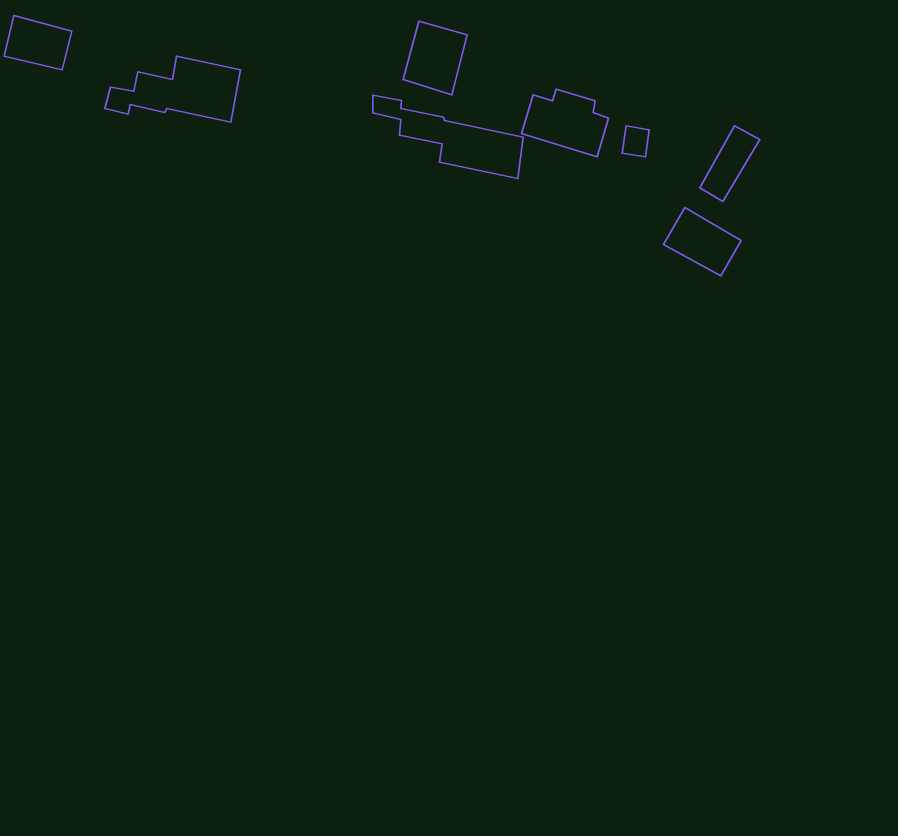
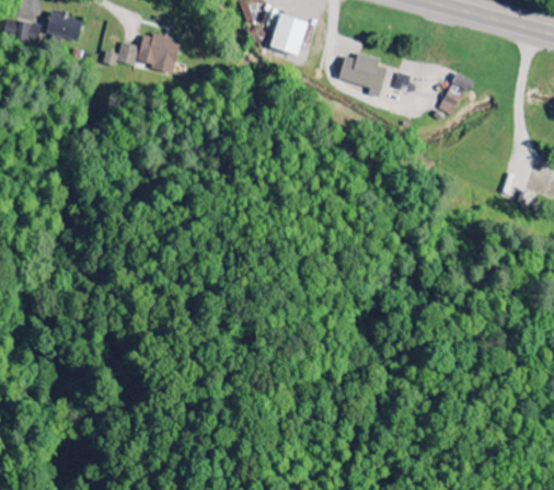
building: [373,95,523,178] -> none
building: [663,207,741,276] -> none

